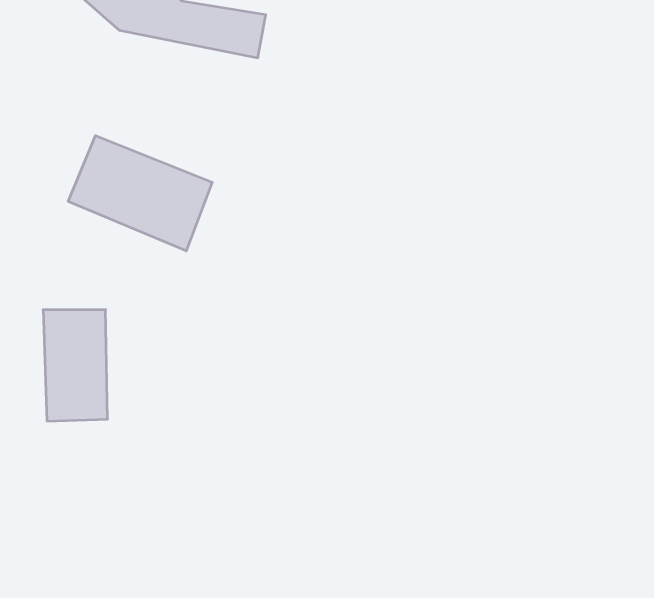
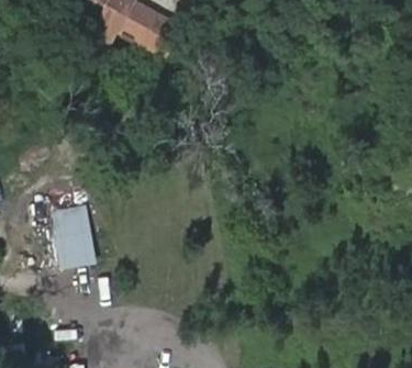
building: [68,136,212,251] -> none

